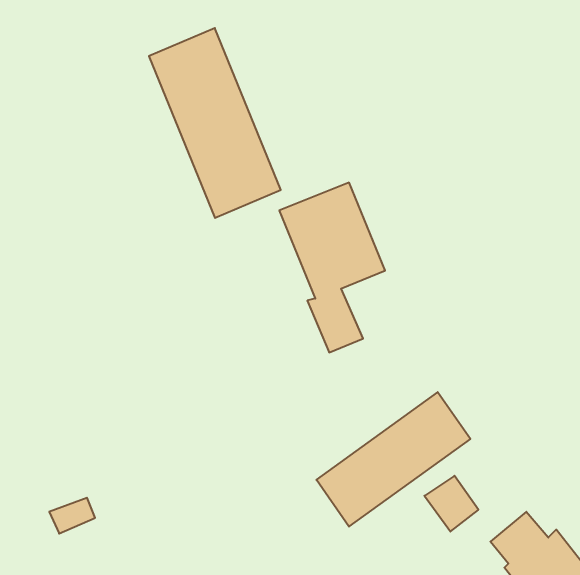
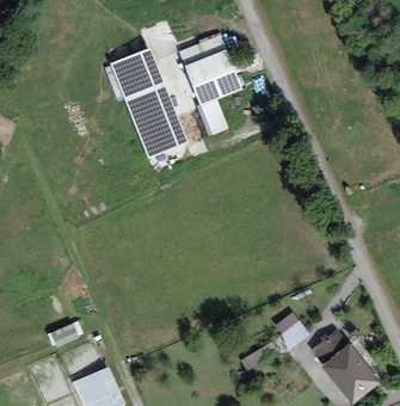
building: [279,183,385,352] -> [179,35,242,136]
building: [316,392,470,527] -> none

